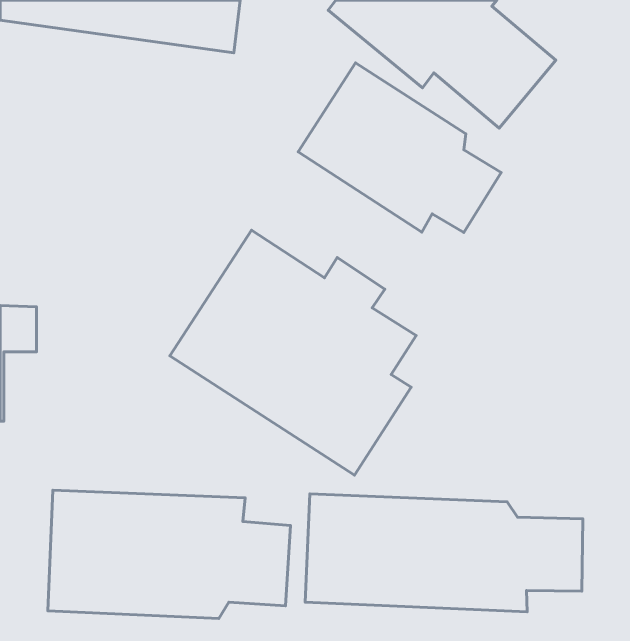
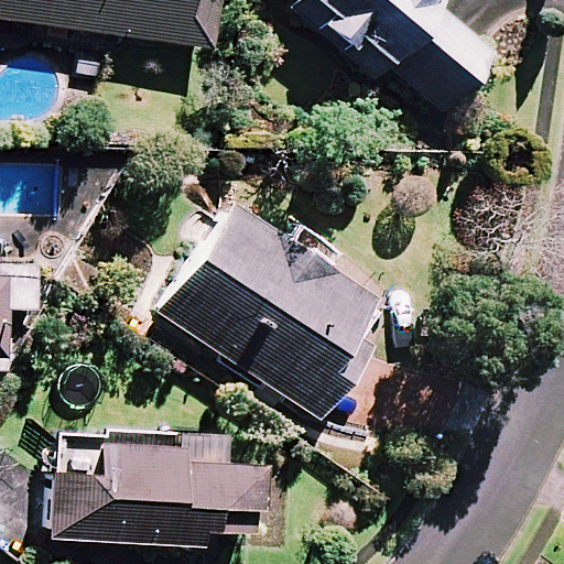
building: [298,63,501,232] -> none
building: [305,494,583,612] -> none

